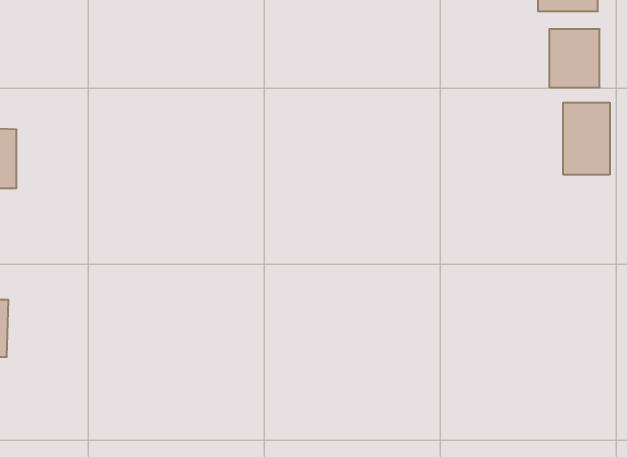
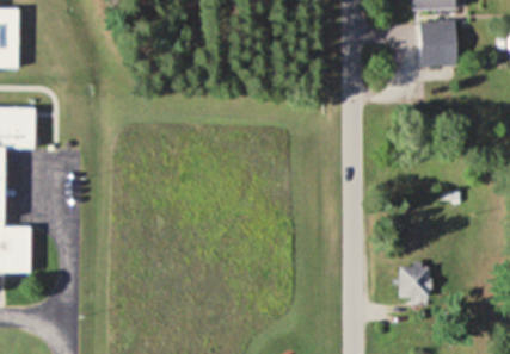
building: [563,103,610,175] -> none
building: none -> [399,267,429,300]

